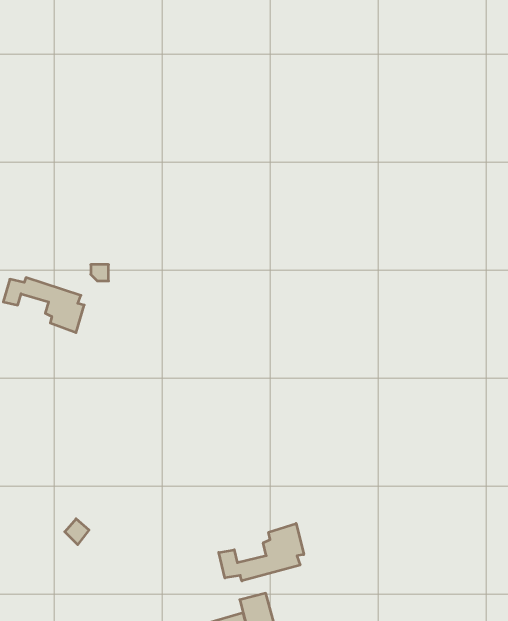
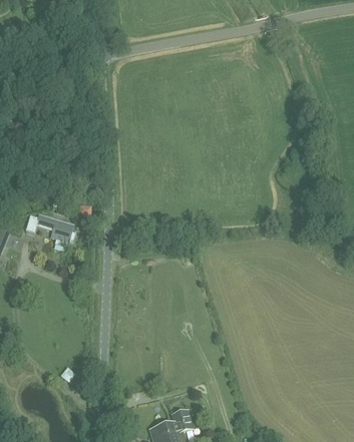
building: [219,523,304,581] -> none

